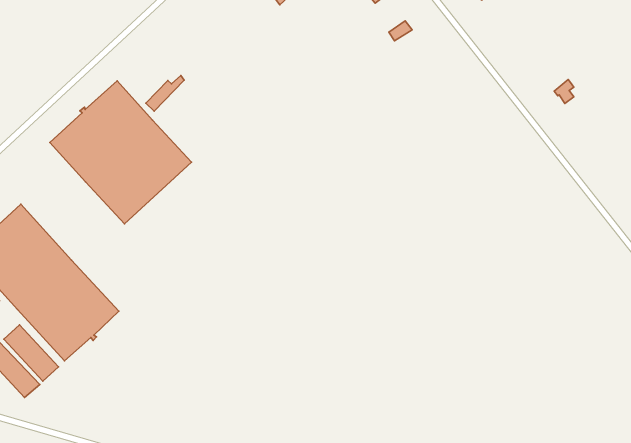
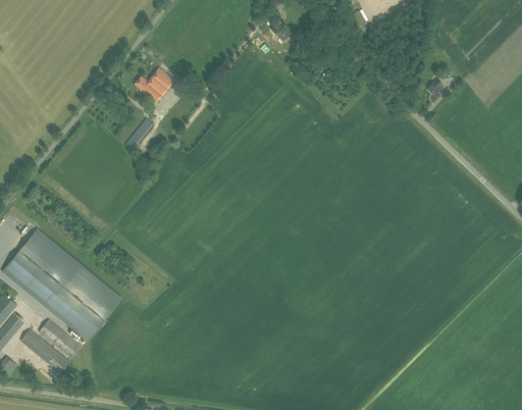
building: none -> [134,66,173,101]
building: [50,81,191,224] -> none

